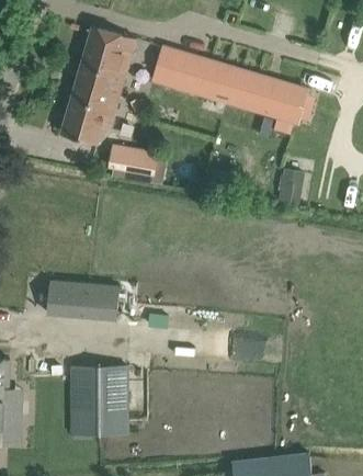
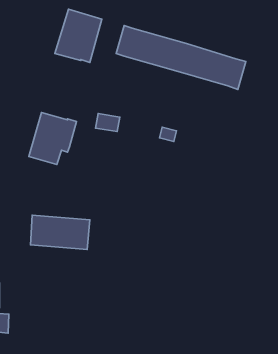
building: [61,80,120,144] -> [29,112,77,165]
building: [279,169,304,204] -> none
building: [71,366,129,434] -> none

